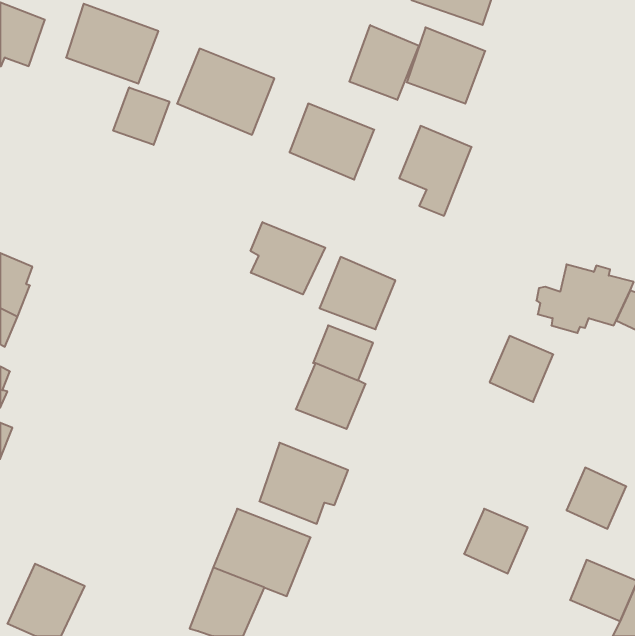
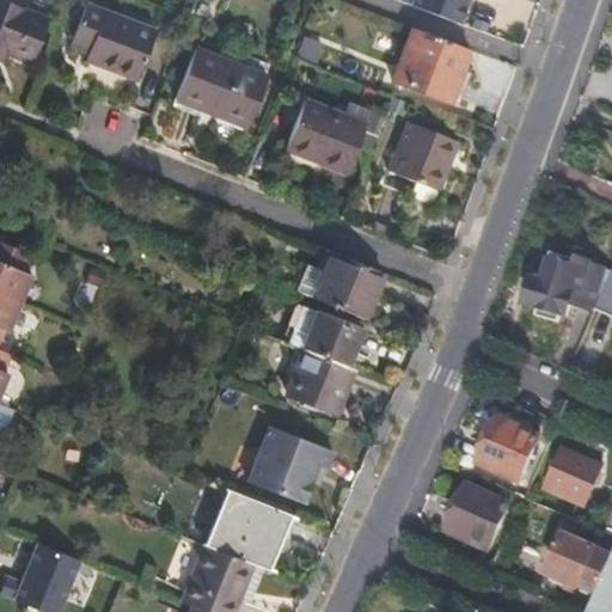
building: [349,25,419,100] -> none
building: [113,87,169,145] -> none
building: [251,222,325,294] -> none
building: [490,336,553,402] -> [478,420,539,483]

